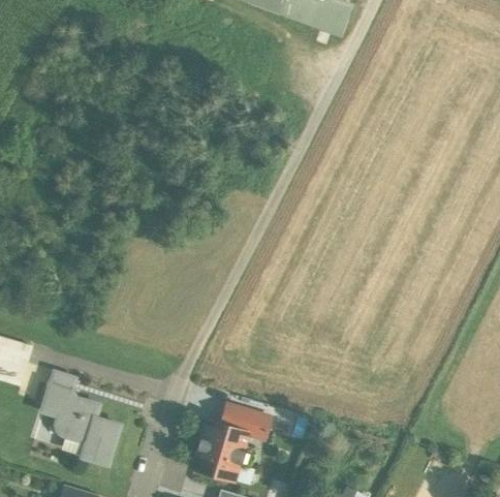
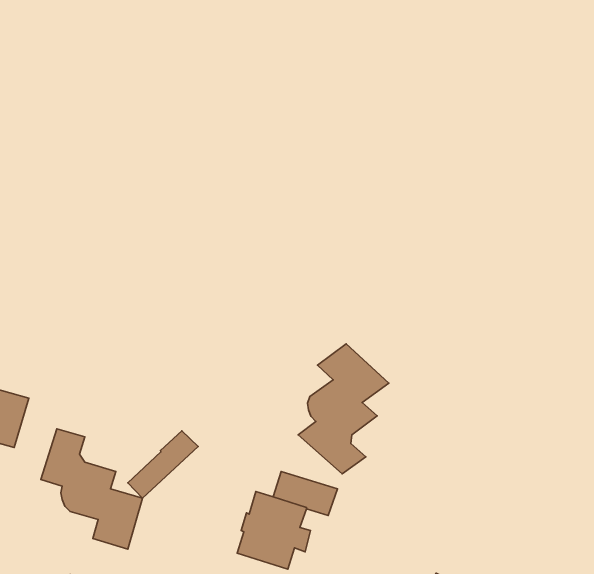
building: none -> [298,344,389,474]
building: none -> [128,431,198,498]

